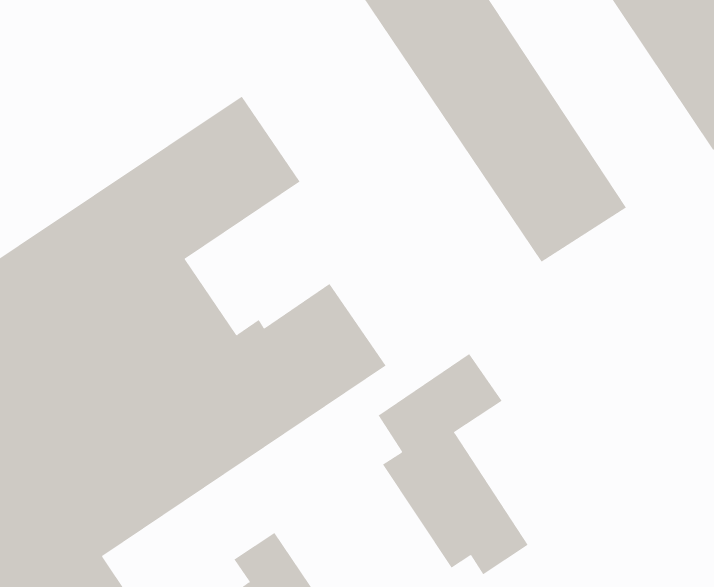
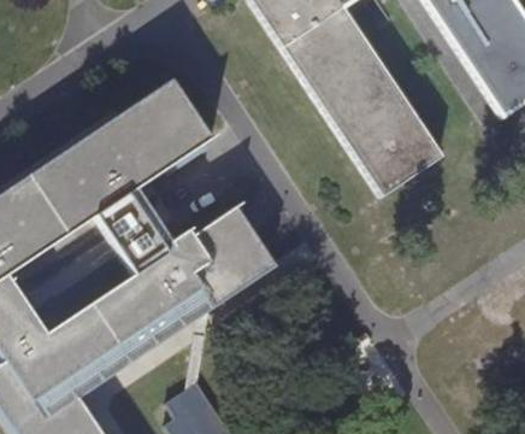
building: [378,353,528,575] -> none

